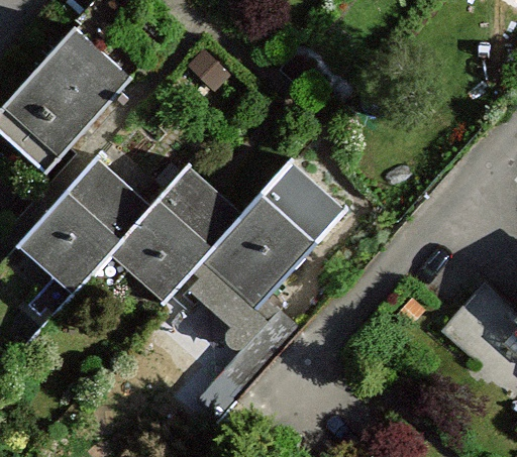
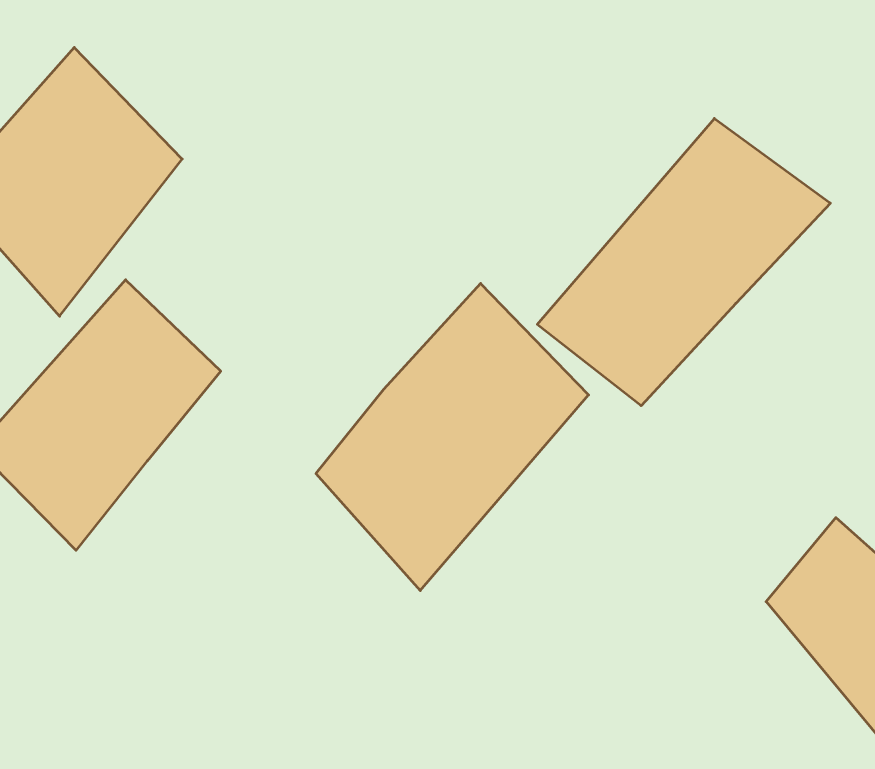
building: none -> [537,118,830,406]
building: [107,165,237,311] -> none

